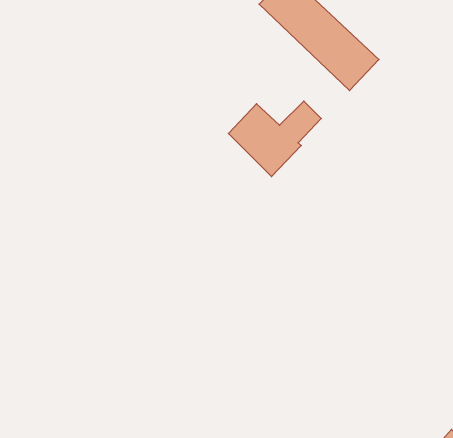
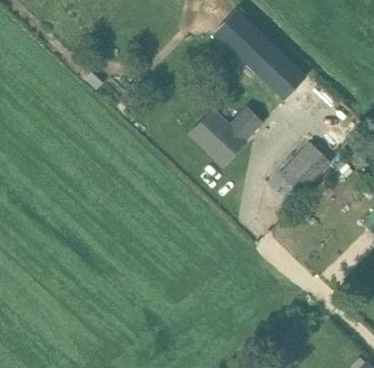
building: none -> [280,142,330,194]

